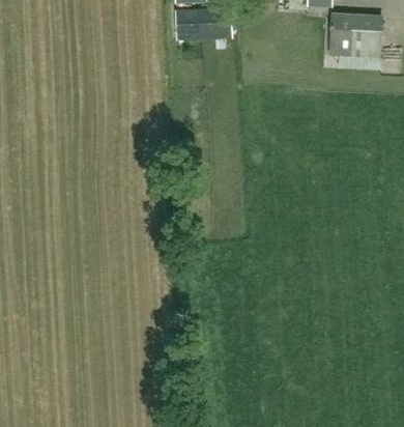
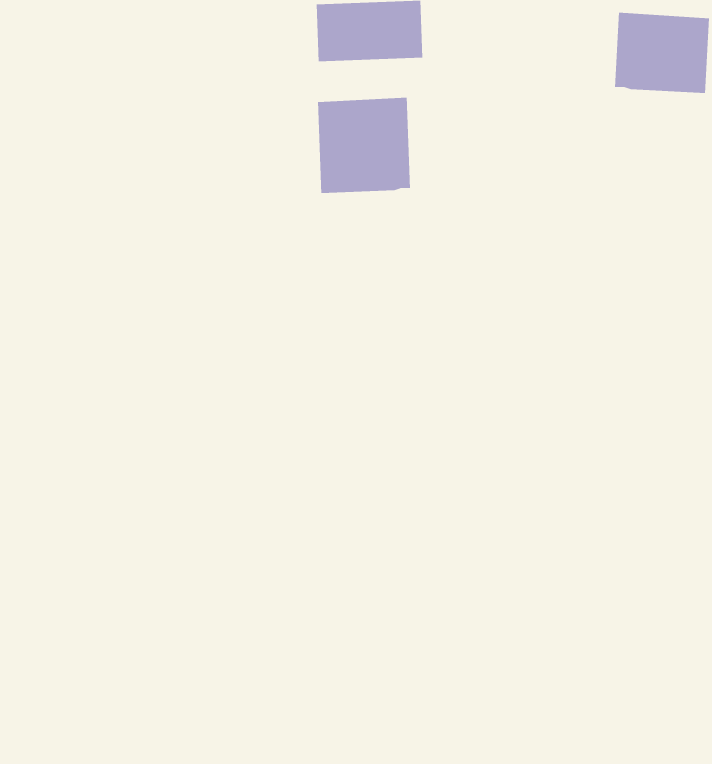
building: none -> [317,97,411,194]

